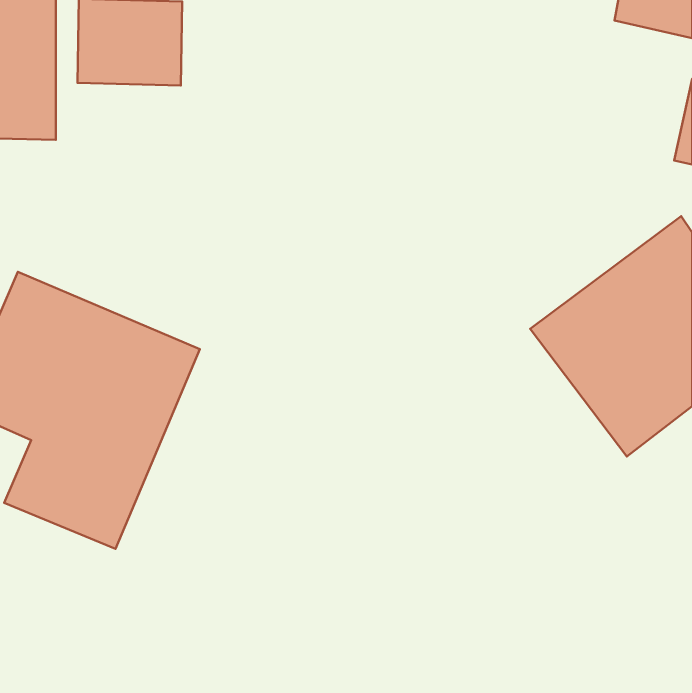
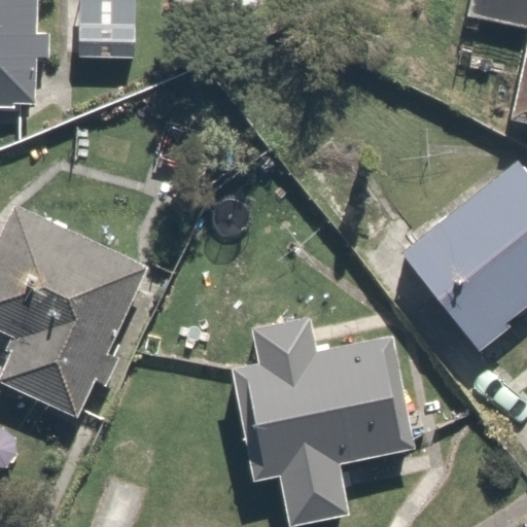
building: none -> [233,321,410,517]

